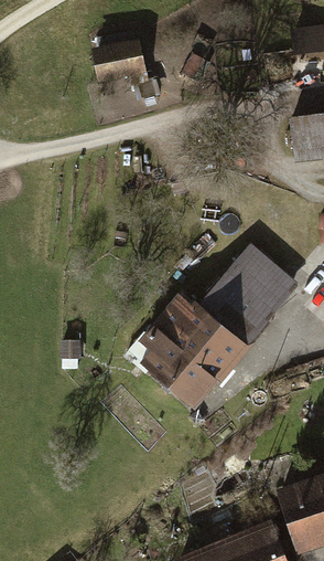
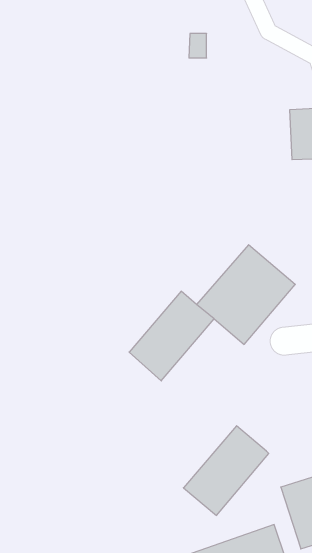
building: [93,41,148,84] -> none
building: [162,320,247,410] -> [183,426,269,515]

